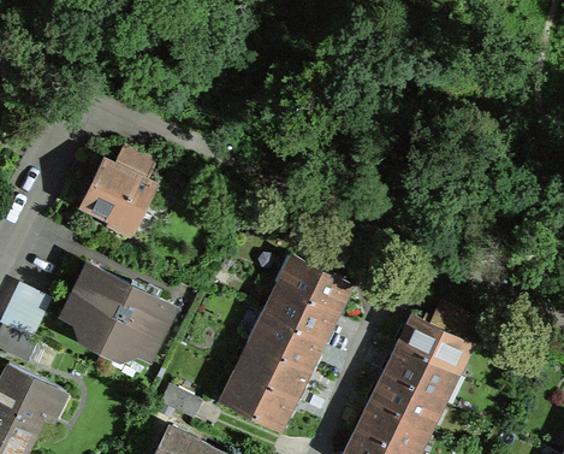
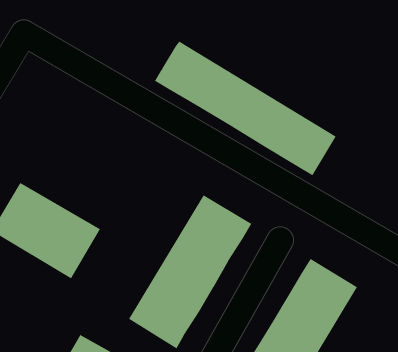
building: none -> [154,41,337,176]
building: [73,153,161,236] -> none

